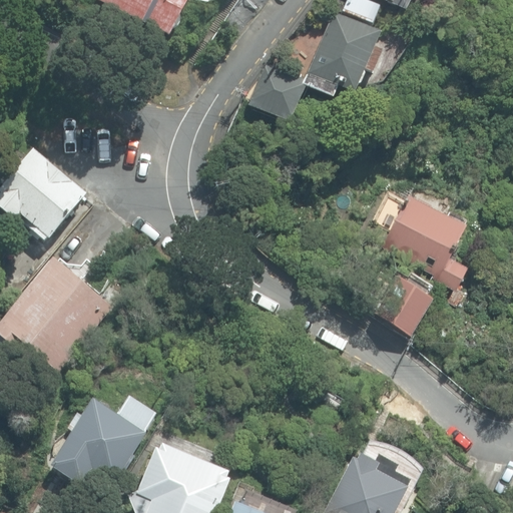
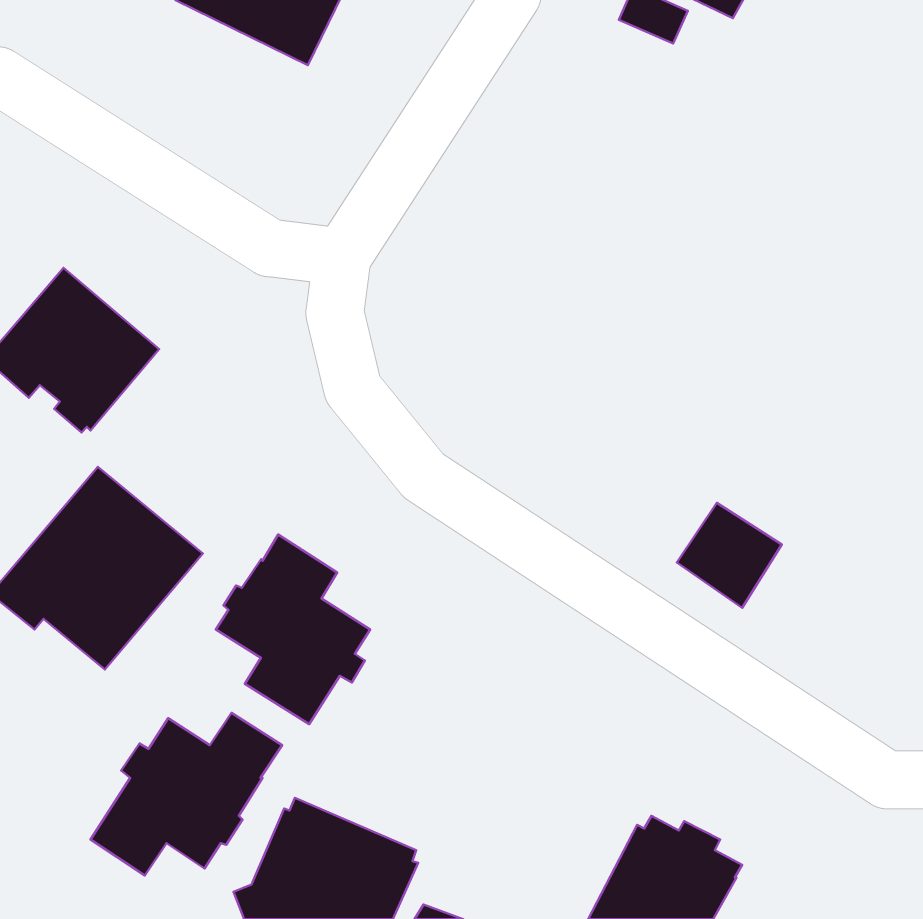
building: [246,10,383,121] -> none
building: [381,195,467,305] -> none
building: none -> [216,535,370,724]

